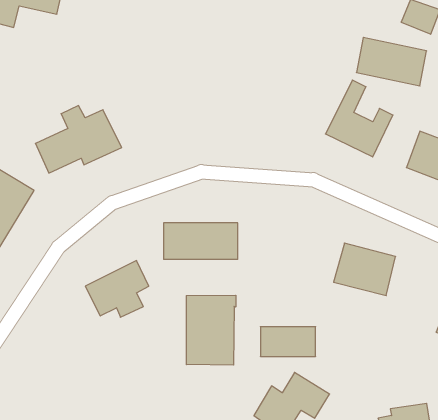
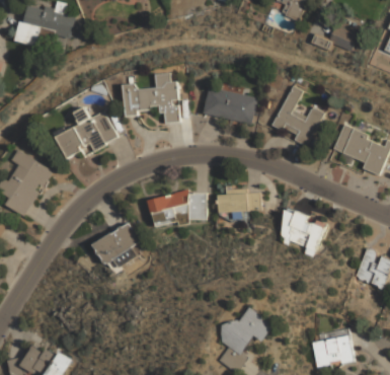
building: [356,37,427,86] -> [204,87,256,124]
building: none -> [123,72,179,123]
building: [186,295,236,365] -> none
building: [260,327,316,356] -> [217,191,258,213]

